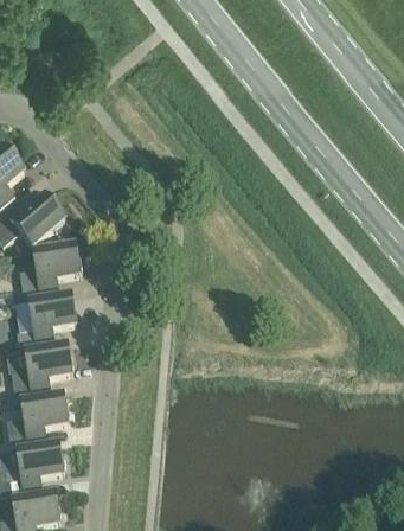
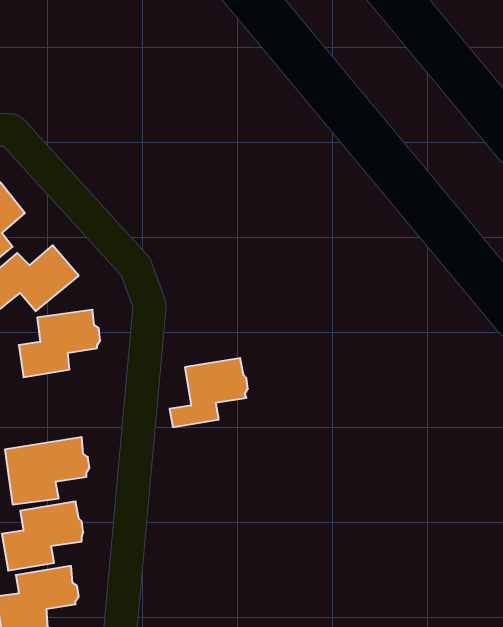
building: [17,293,77,346] -> [170,358,248,427]

